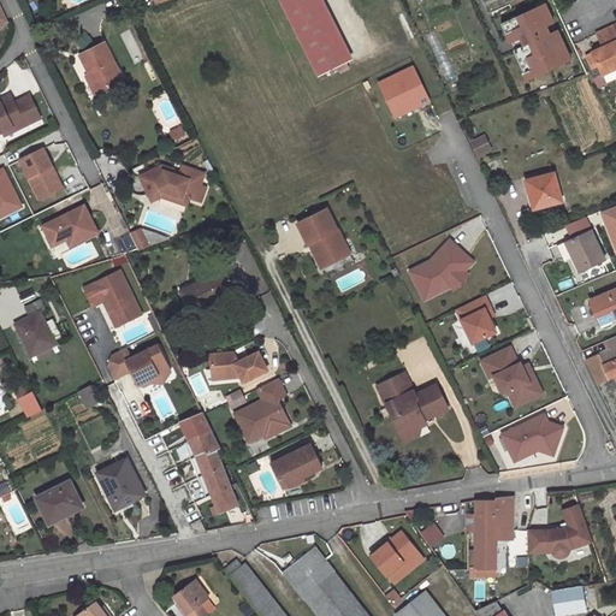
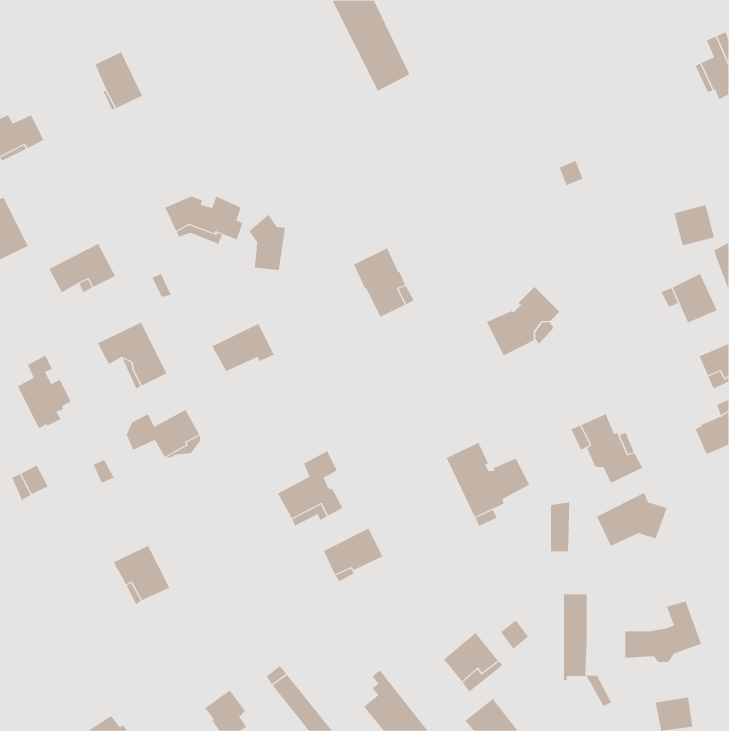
building: [504,7,571,79] -> none
building: [381,67,432,118] -> none
building: [19,149,63,200] -> none
building: [526,173,561,208] -> [673,204,715,246]
building: none -> [248,214,285,271]
building: [455,296,494,343] -> none
building: [211,351,267,381] -> none
building: [179,413,236,513] -> none
building: [35,481,81,523] -> none
building: [494,496,511,538] -> [550,502,570,552]
building: [283,549,324,597] -> none

